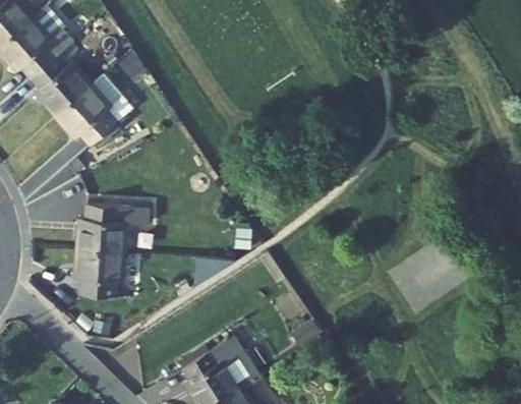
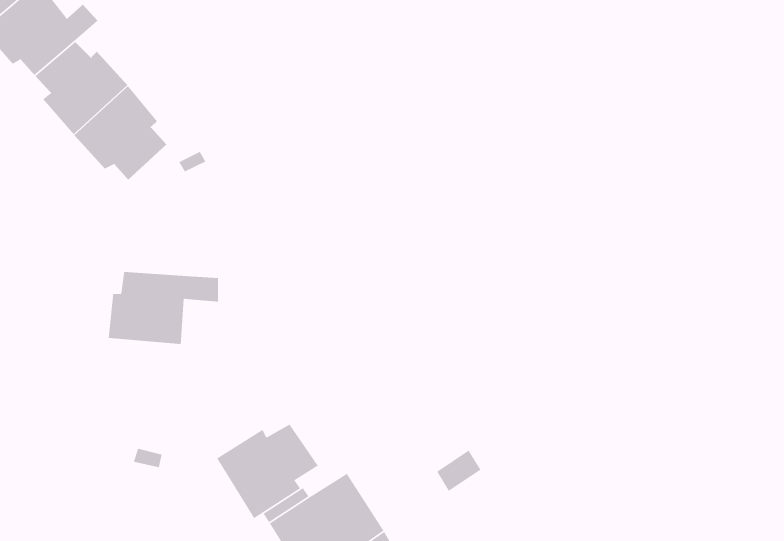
building: [92,73,133,121] -> none
building: [75,247,126,296] -> none
building: none -> [216,423,319,519]

